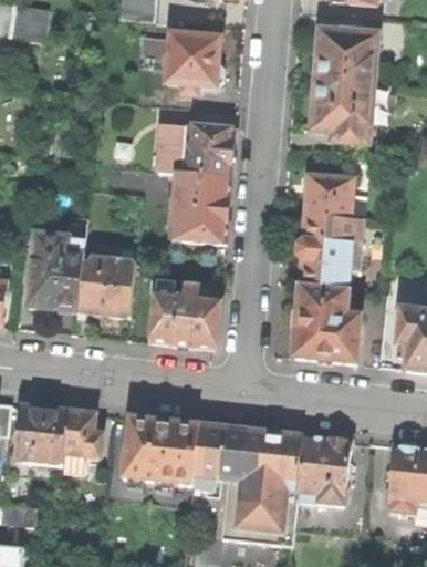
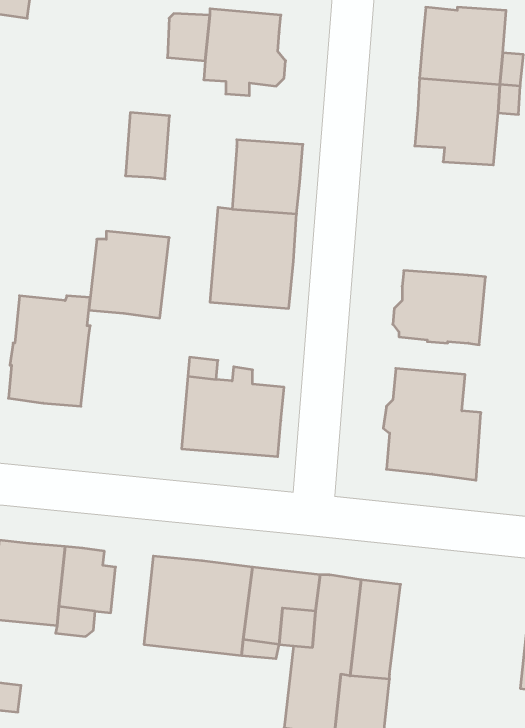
building: [157,125,188,172] -> [125,113,170,179]
building: [305,175,354,218] -> none
building: [79,255,135,316] -> [89,231,169,318]
building: [300,261,351,288] -> none
building: [295,435,351,504] -> none

